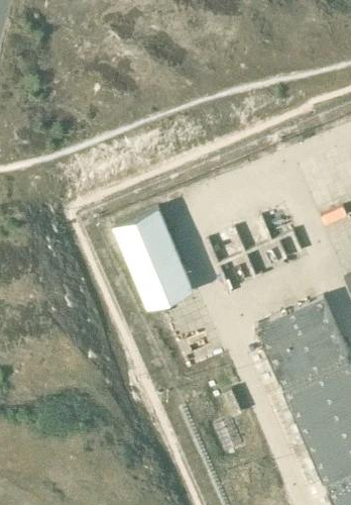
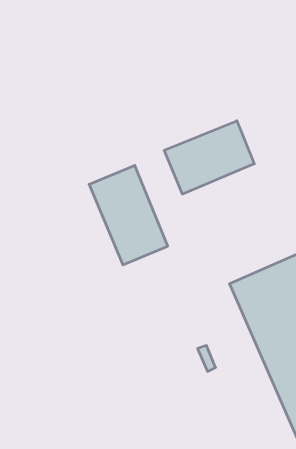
building: none -> [164,121,254,194]

